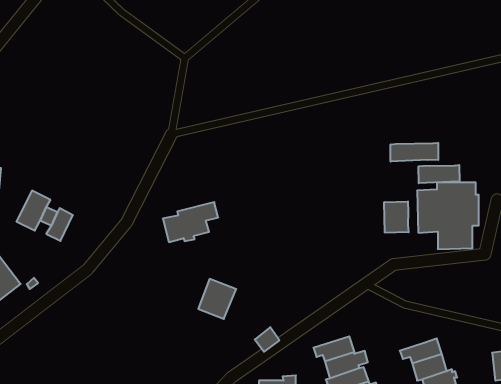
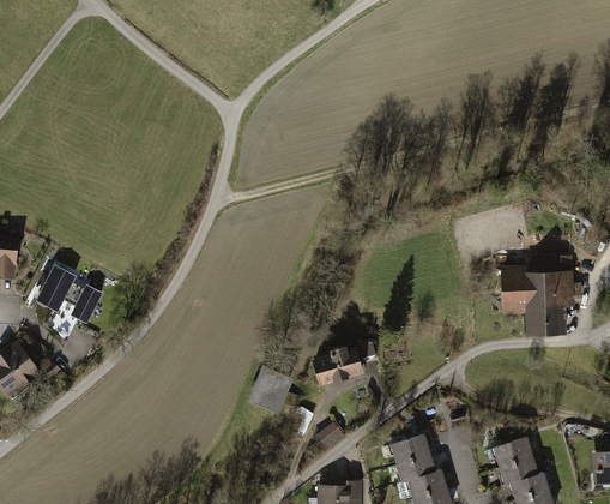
building: [391,143,438,162] -> none
building: [419,165,459,183] -> none
building: [384,201,409,233] -> none
building: [163,202,218,242] -> [312,340,376,386]

